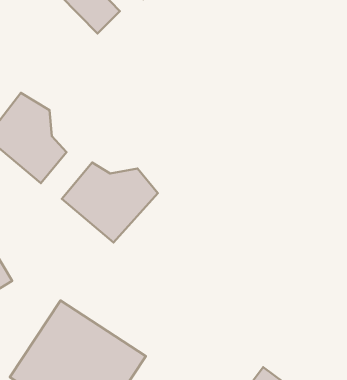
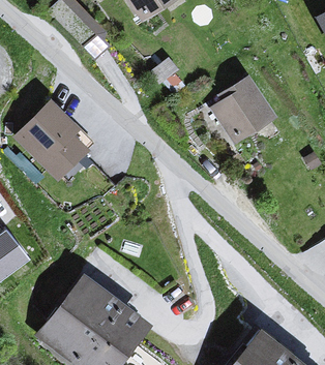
building: none -> [212,78,275,143]
building: [62,163,158,243] -> none

